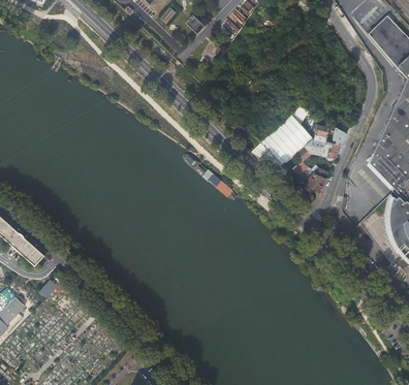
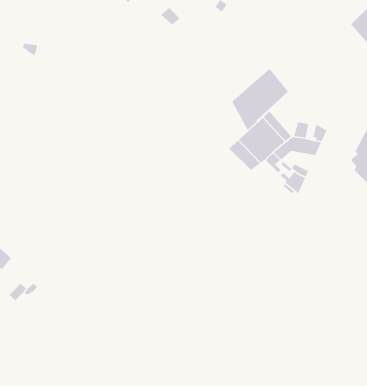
building: none -> [231,68,289,131]

